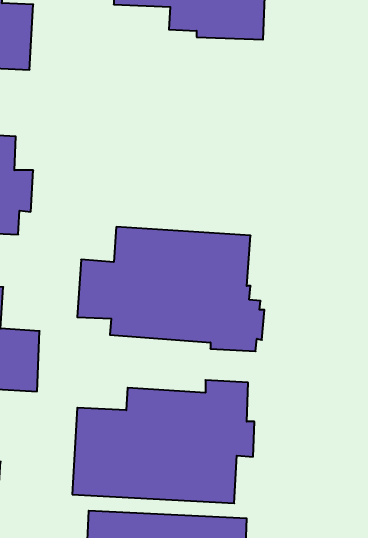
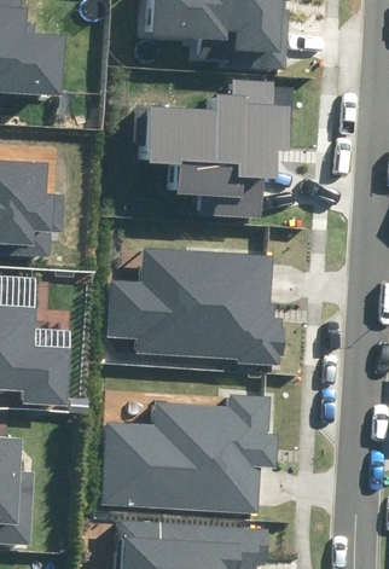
building: none -> [134,79,294,217]

